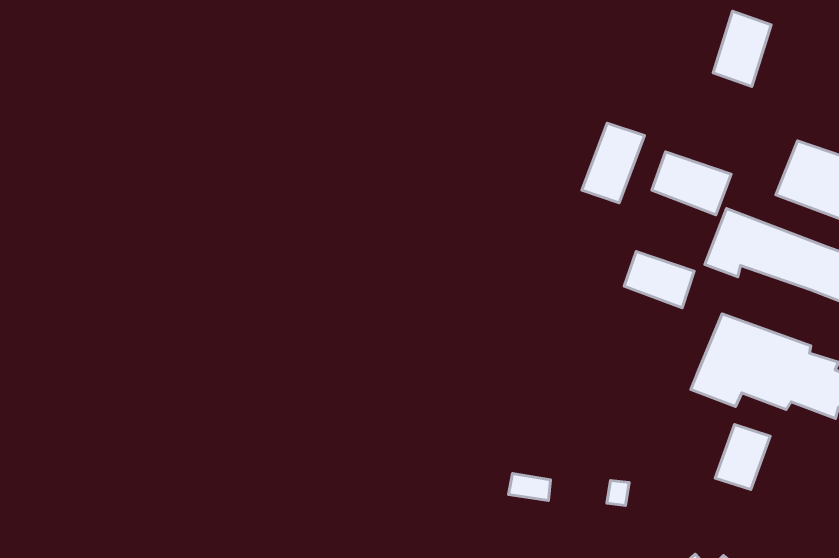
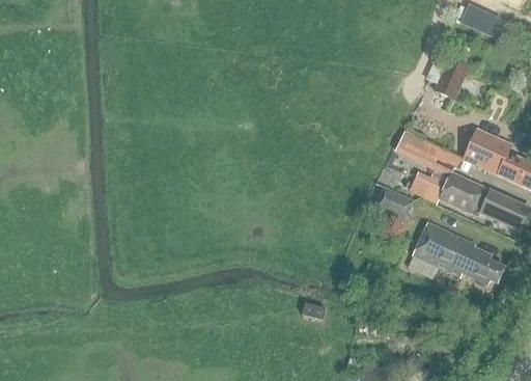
building: [582,123,645,203] -> none
building: [715,425,770,490] -> none

